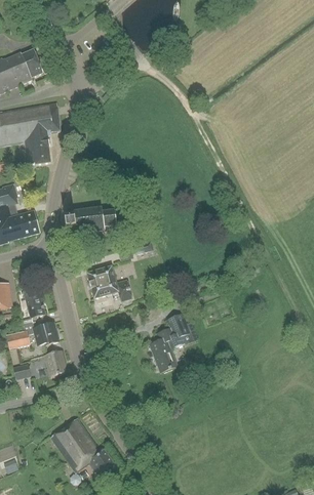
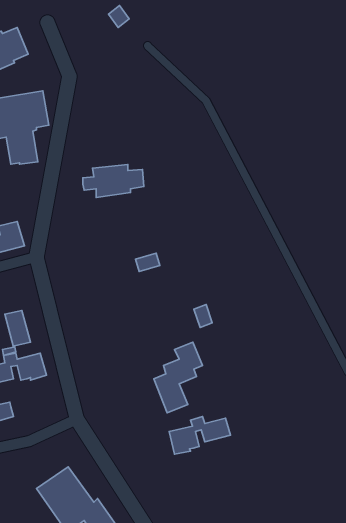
building: [65,207,116,235] -> [83,165,144,197]
building: [87,266,132,301] -> none
building: [44,350,68,376] -> none
building: none -> [169,416,230,454]

